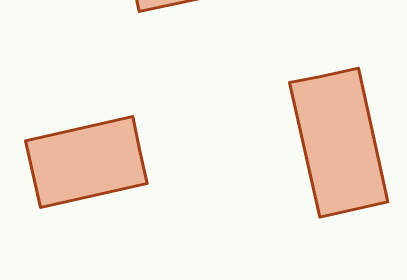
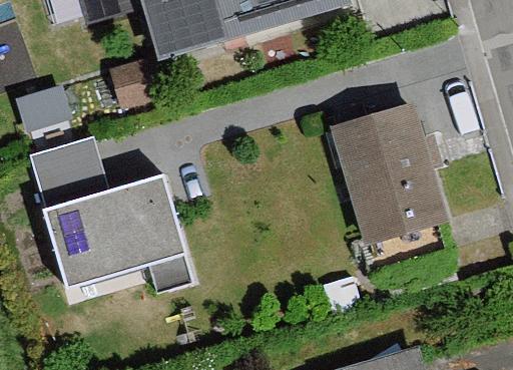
building: none -> [28,129,110,198]

